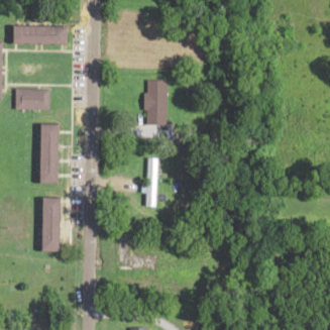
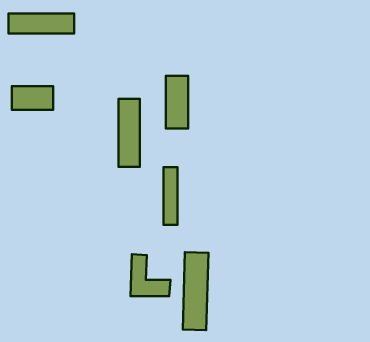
building: [41,125,60,184] -> [119,99,140,167]
building: [43,199,62,252] -> none
building: none -> [183,252,208,330]

